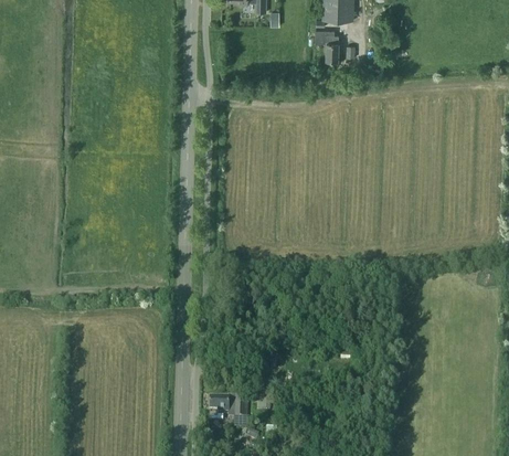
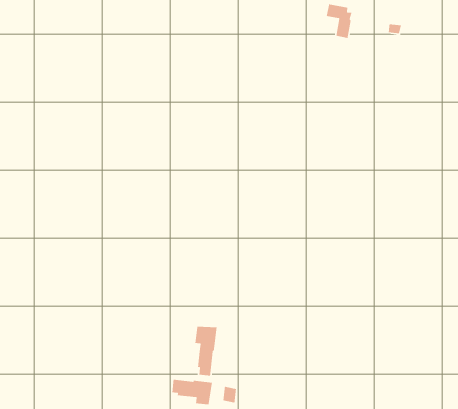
building: none -> [195,326,217,376]

